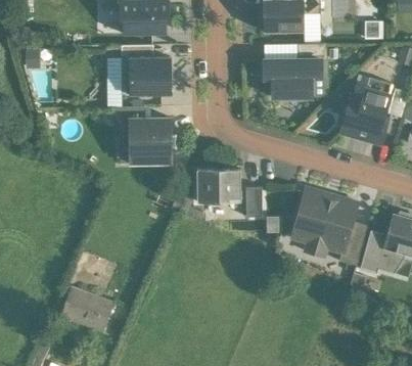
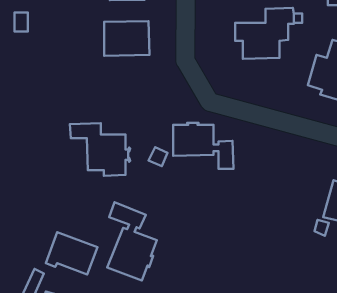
building: [110,106,176,164] -> [70,123,130,176]
building: [291,188,367,266] -> none
building: none -> [107,202,157,280]

